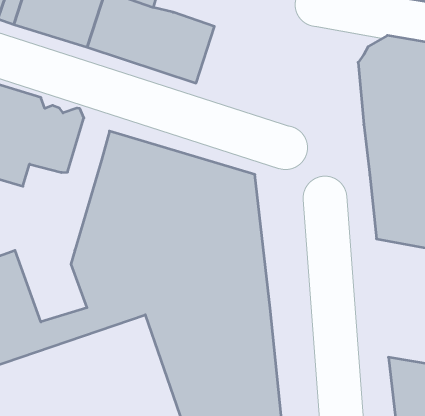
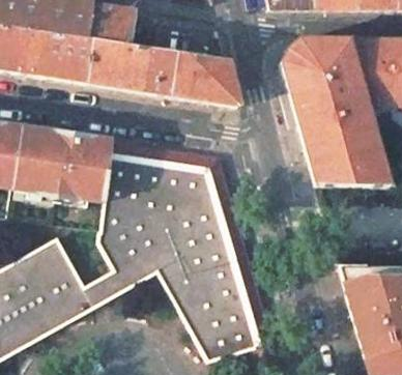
building: none -> [167,54,237,107]
building: none -> [56,128,112,197]

